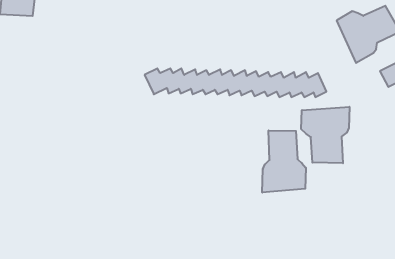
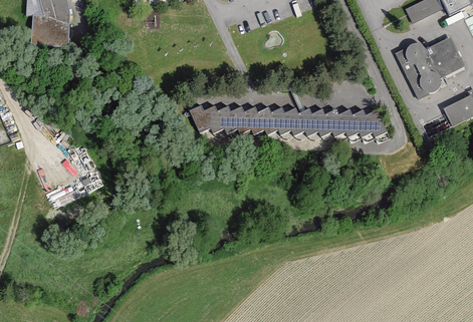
building: [301,107,349,163] -> none
building: [262,130,306,193] -> none

